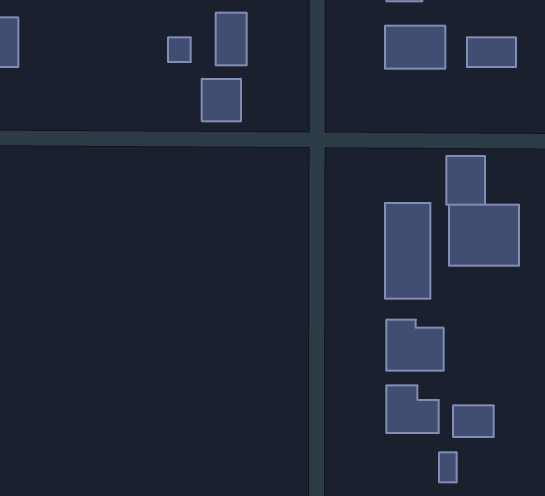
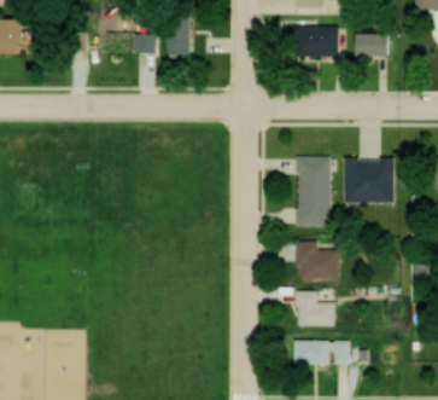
building: [202,79,241,121] -> none
building: [446,156,485,205] -> none
building: [453,406,494,437] -> [298,341,328,364]

